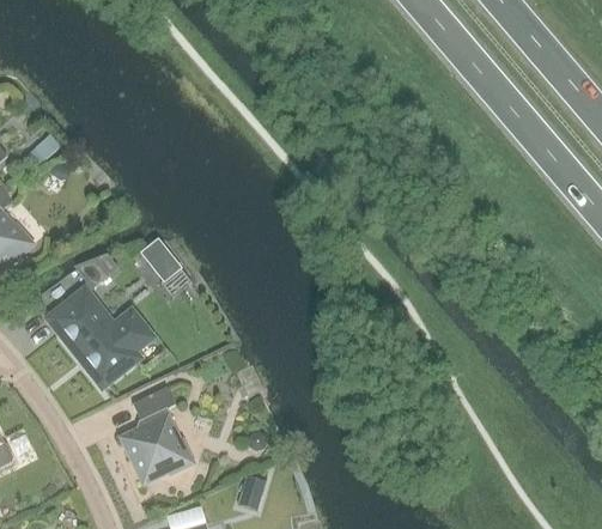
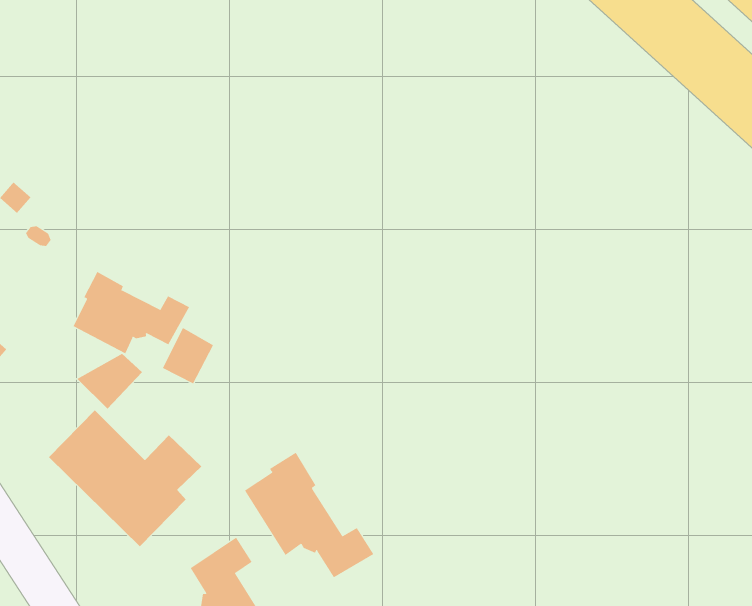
building: none -> [73,271,190,354]
building: none -> [244,452,374,578]

